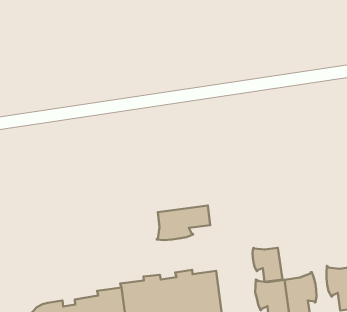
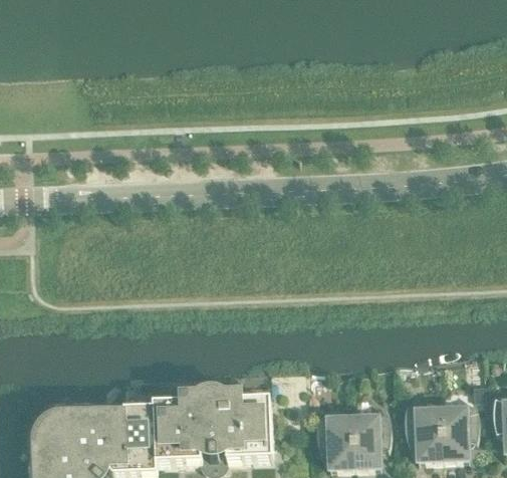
building: [157,206,210,240] -> none
building: [253,248,282,282] -> none

